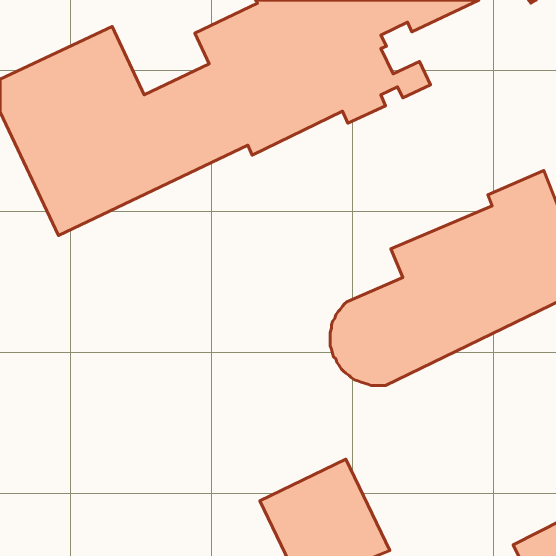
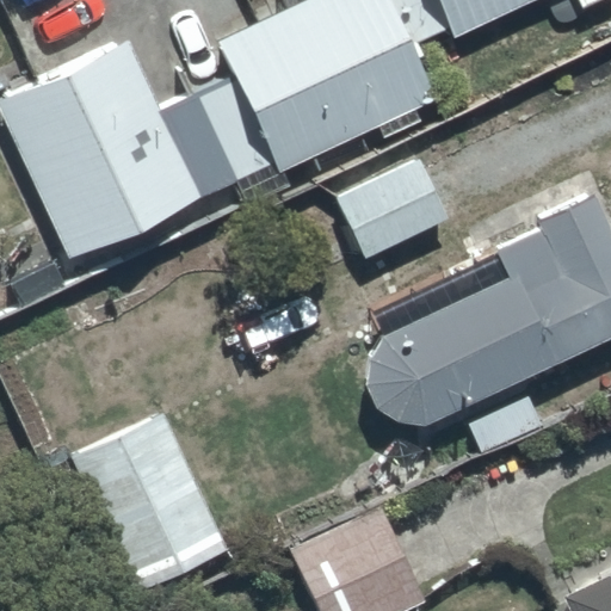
building: none -> [332,149,450,263]
building: none -> [68,411,228,594]

